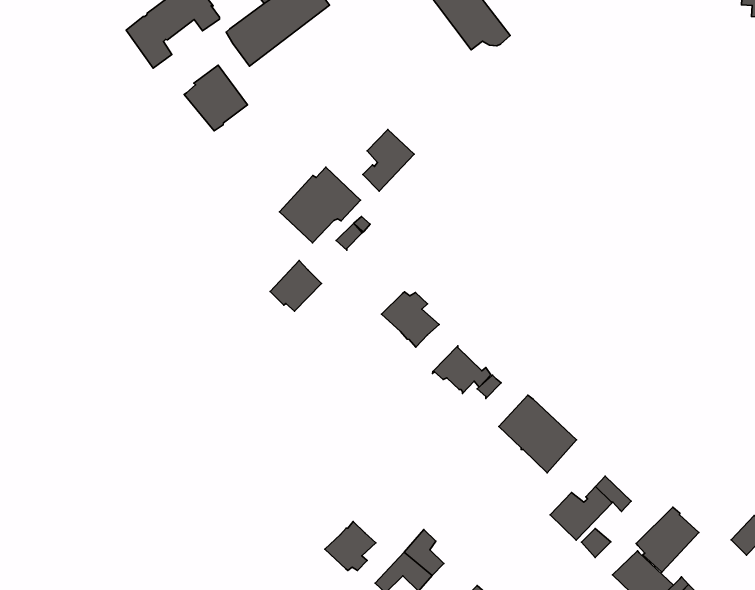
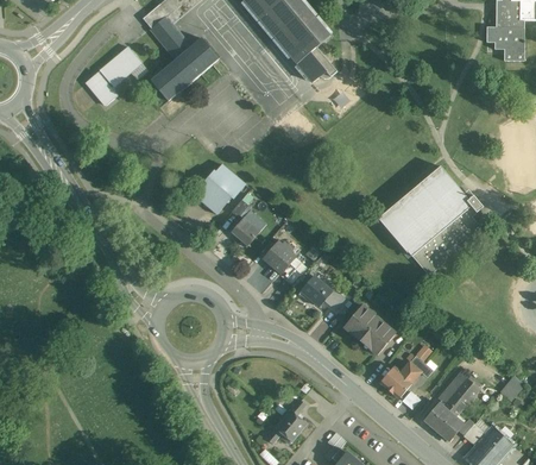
building: [184,65,248,131] -> none
building: [363,129,414,191] -> none
building: none -> [378,165,483,275]
building: [270,260,322,311] -> [232,209,265,243]
building: [325,522,376,570] -> none

